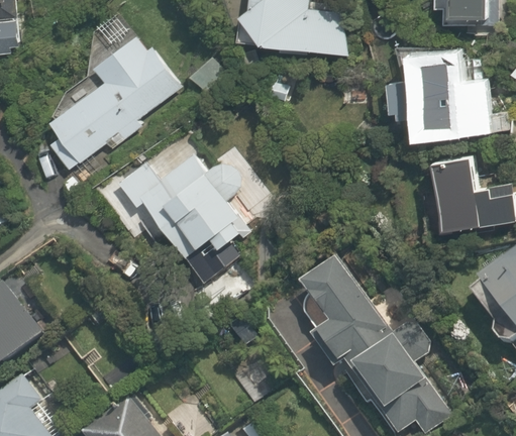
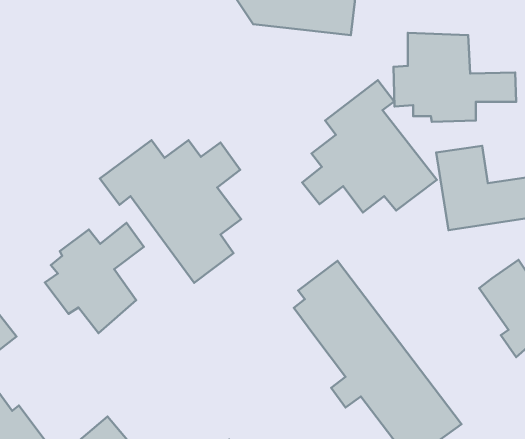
building: [48,33,178,170] -> none
building: none -> [302,80,437,212]
building: none -> [45,223,144,333]

